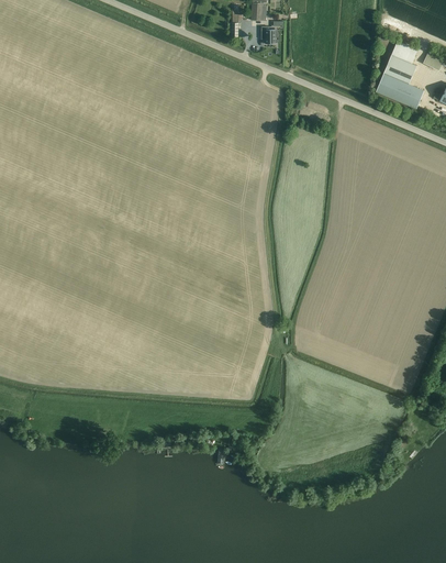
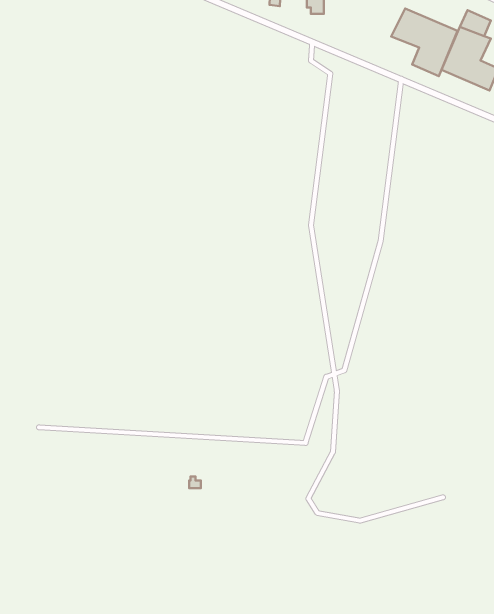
building: none -> [391,9,458,76]

